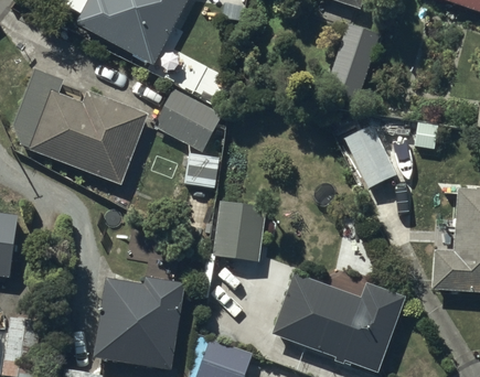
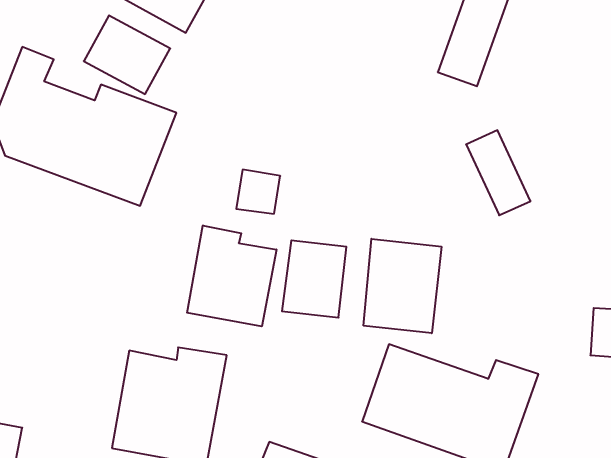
building: [159,94,220,149] -> [84,15,170,94]
building: none -> [187,225,276,326]
building: none -> [364,239,441,333]

